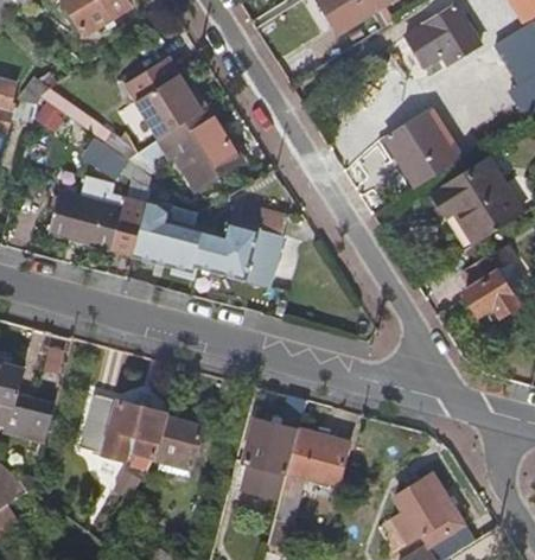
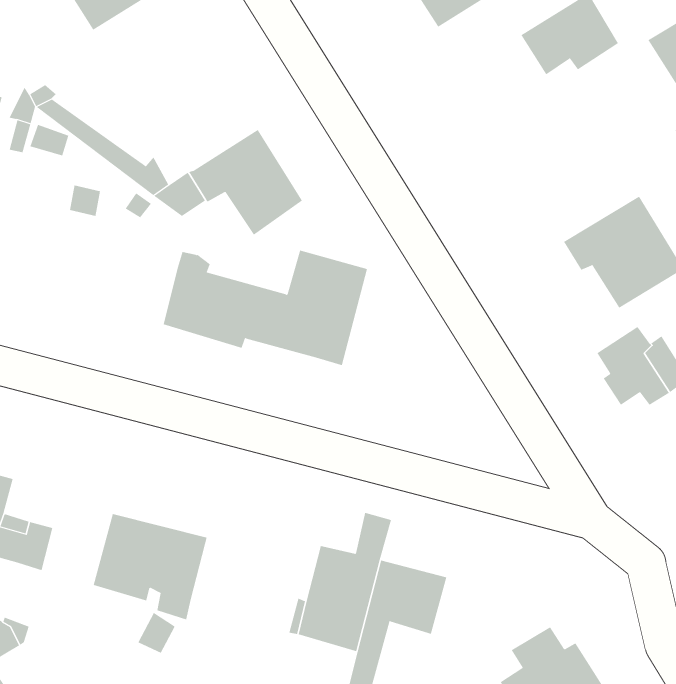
building: [125,57,205,139] -> none
building: [383,112,454,186] -> none
building: [47,192,148,254] -> none
building: [155,418,200,477] -> none

